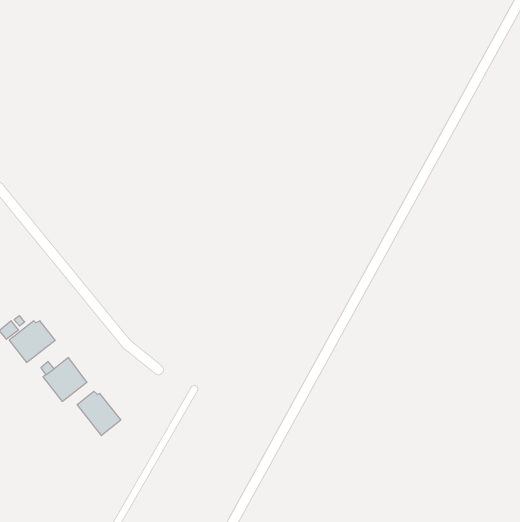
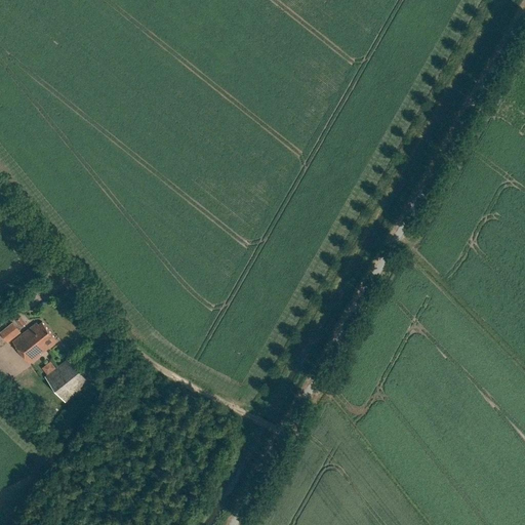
building: [77,391,121,436] -> none

